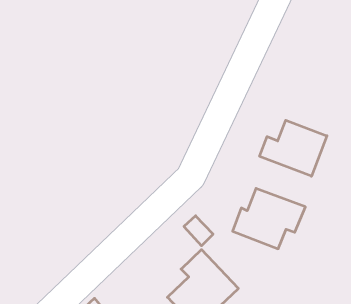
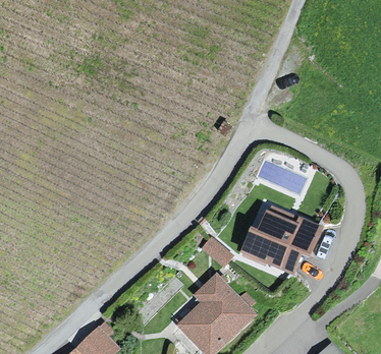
building: [260,120,327,176] -> none

